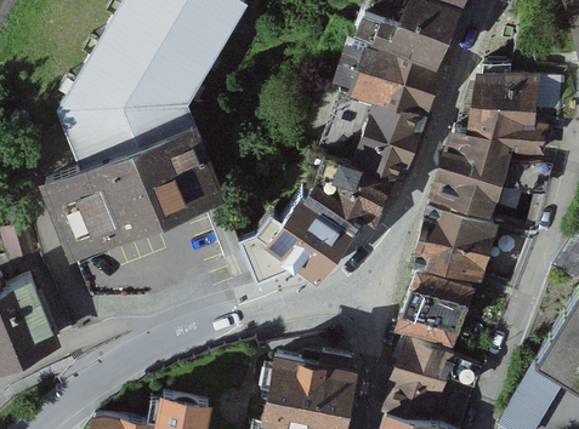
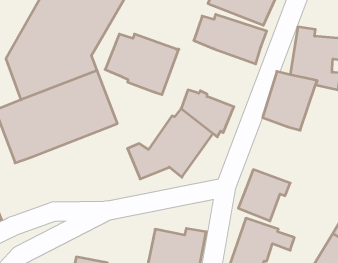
building: [320,97,427,184] -> [105,34,179,95]
building: [413,196,495,284] -> none

